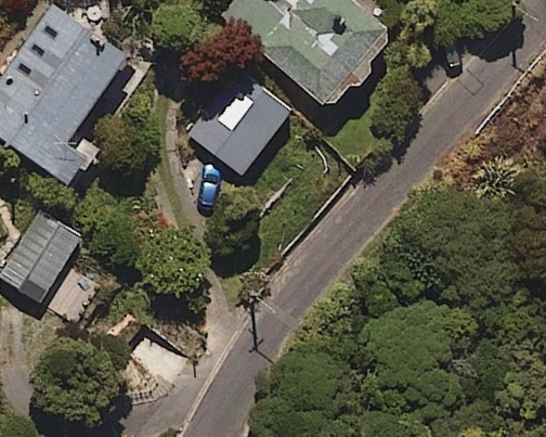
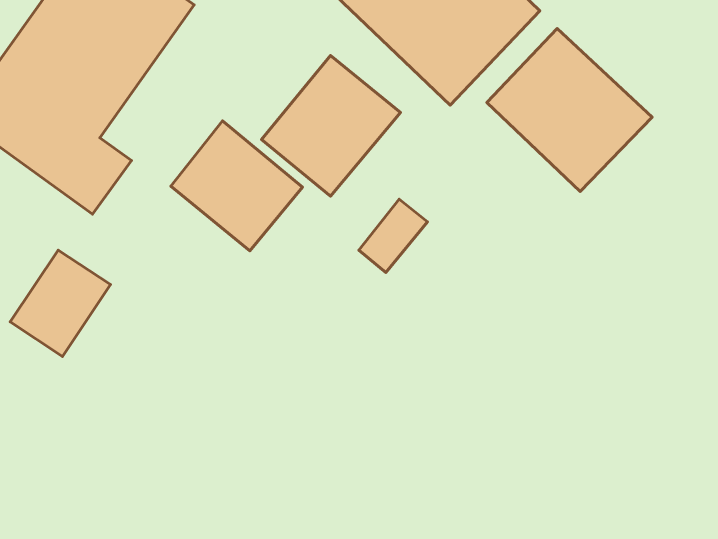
building: none -> [487,28,652,192]
building: none -> [171,121,302,251]

